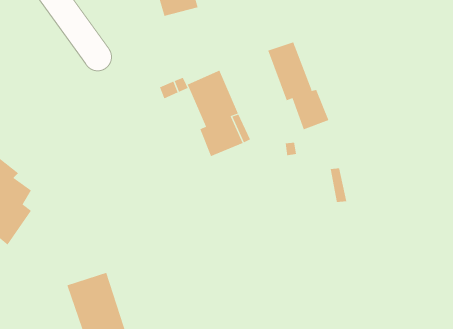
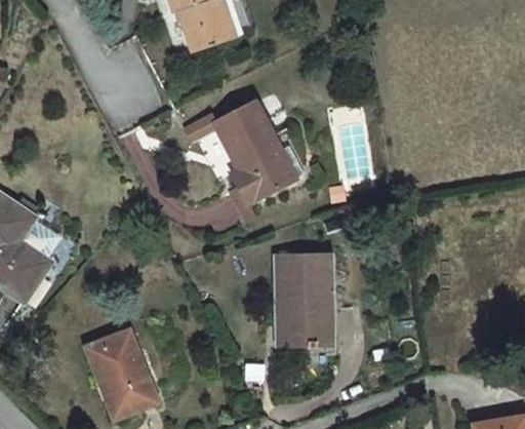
building: [267,41,329,130] -> none
building: none -> [274,252,335,351]

